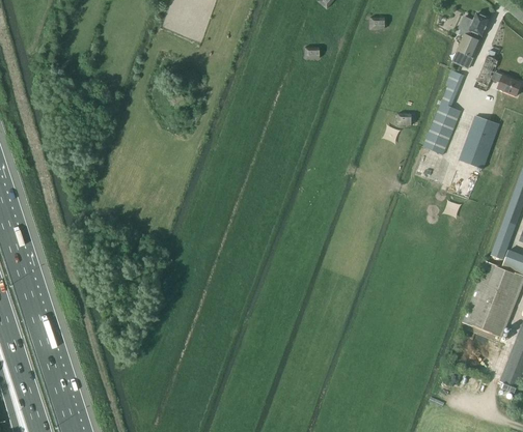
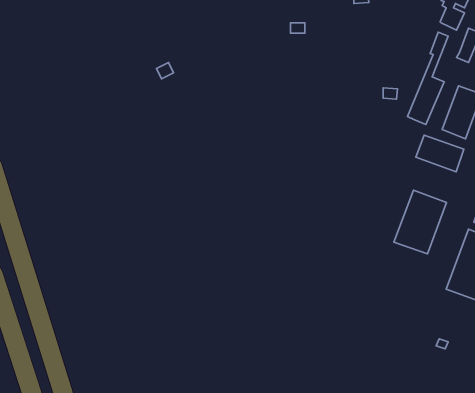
building: none -> [416,135,464,172]
building: none -> [394,190,447,254]

